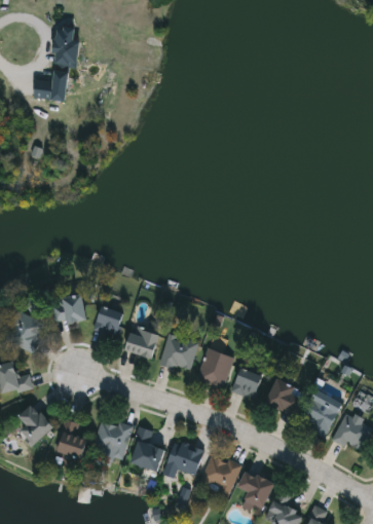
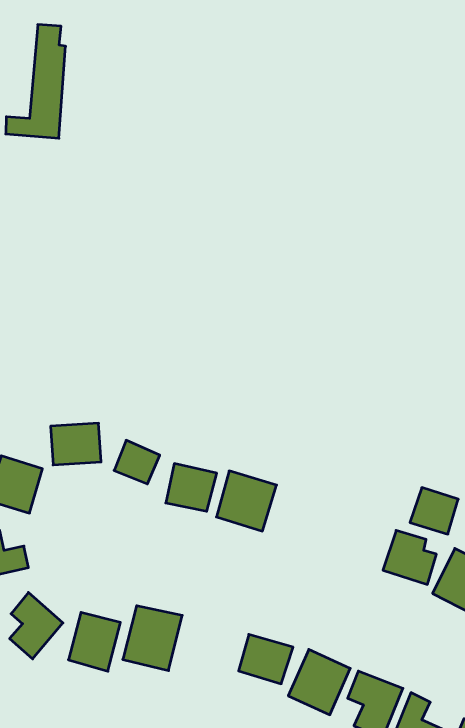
building: [196,347,234,387] -> none
building: [230,368,263,400] -> [410,488,458,534]
building: [127,426,165,472] -> none

